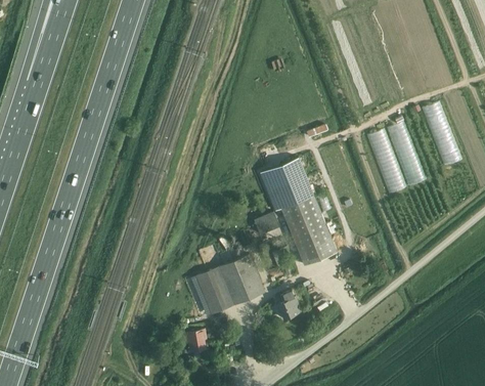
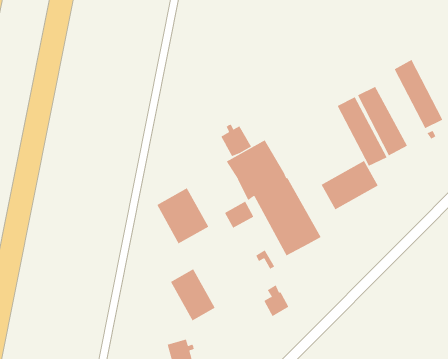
building: none -> [221,124,252,157]
building: none -> [321,160,378,210]
building: [218,255,263,305] -> [156,188,209,244]

